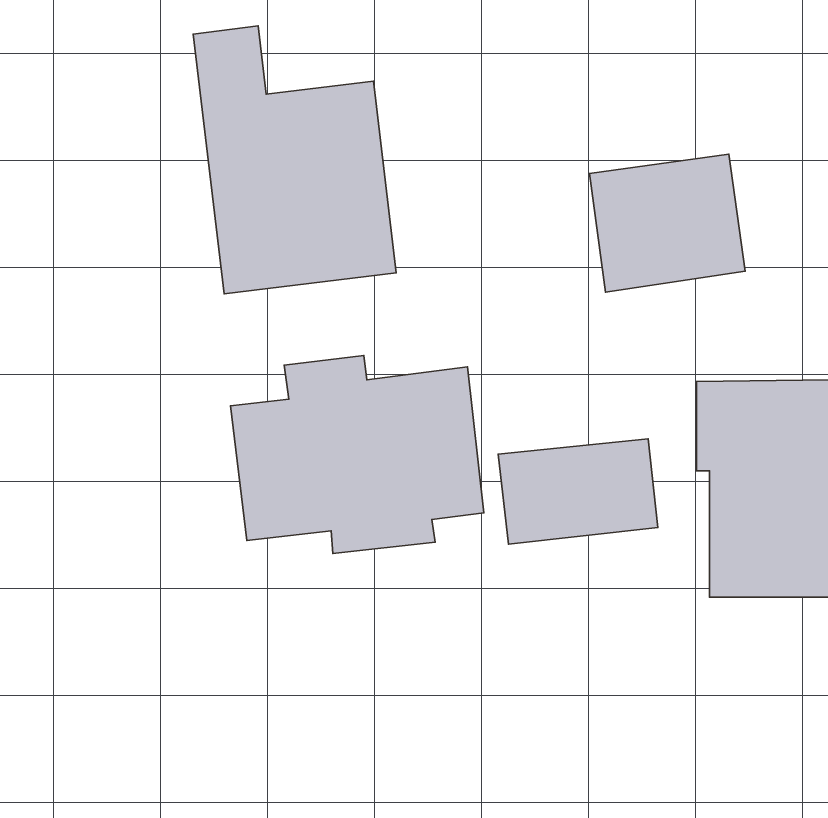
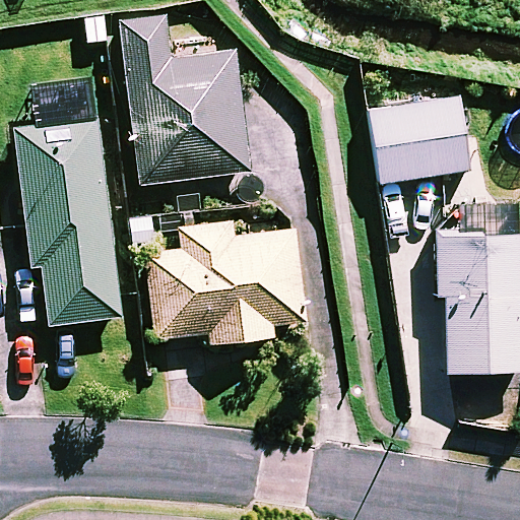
building: none -> [16,80,120,325]
building: [498,439,658,544] -> none

